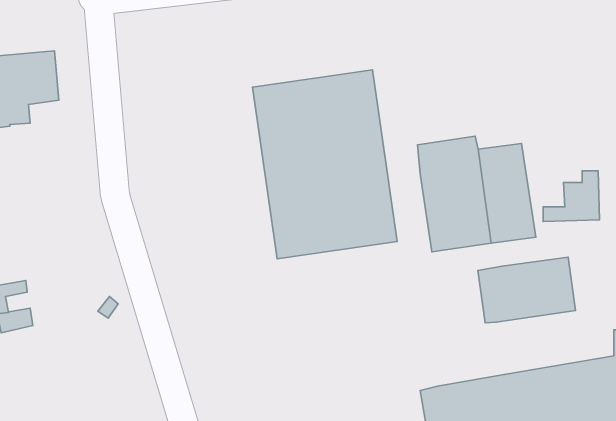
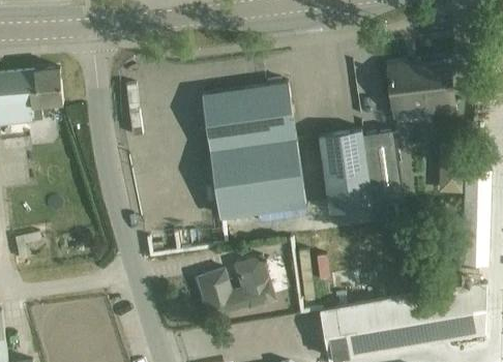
building: none -> [387,65,453,118]
building: [478,257,576,323] -> none
building: none -> [197,254,274,318]

